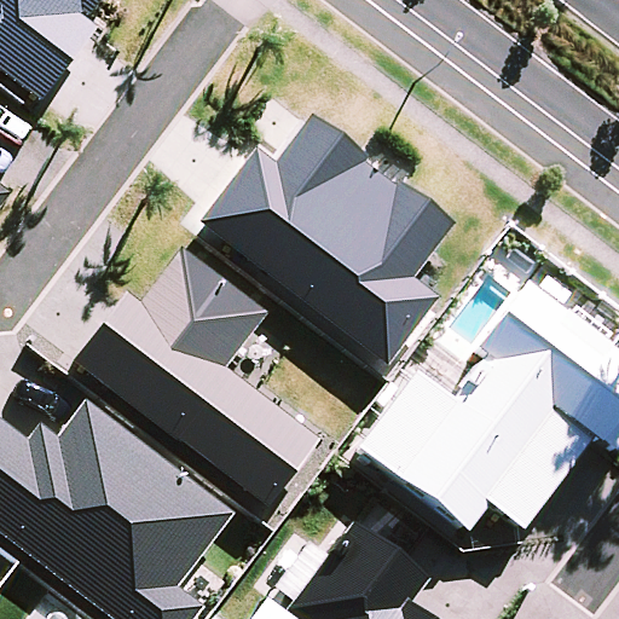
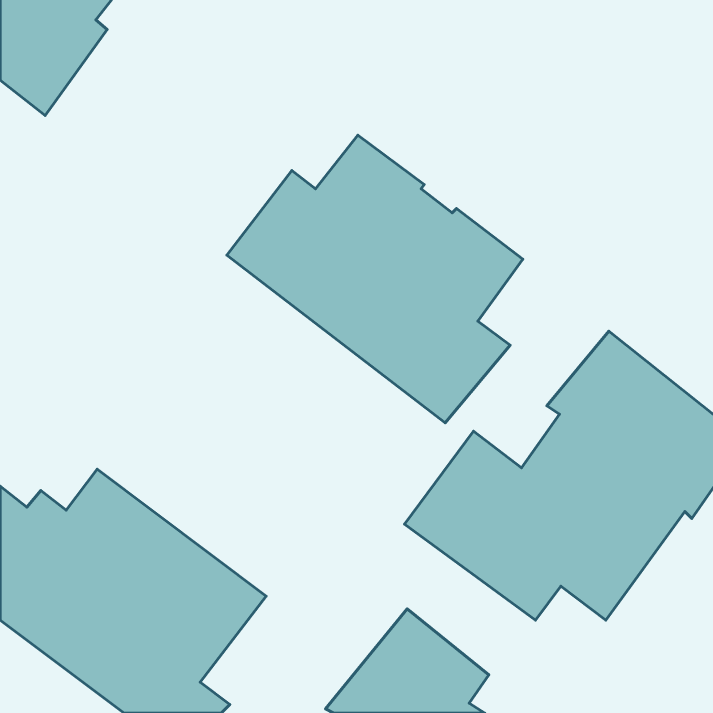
building: [76,249,319,503] -> none

